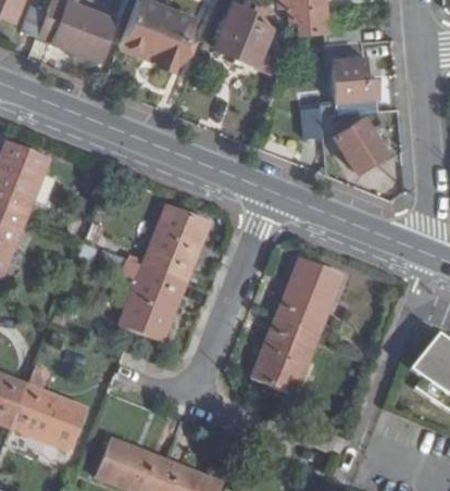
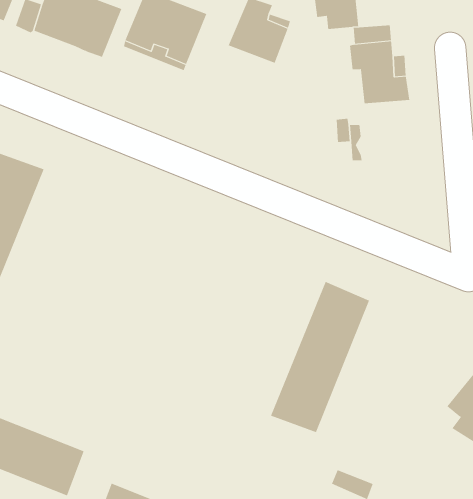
building: [335,117,385,169] -> none
building: [121,206,209,341] -> none

